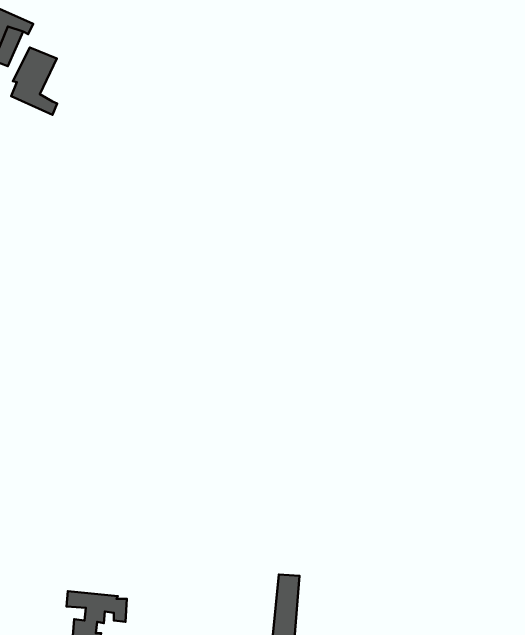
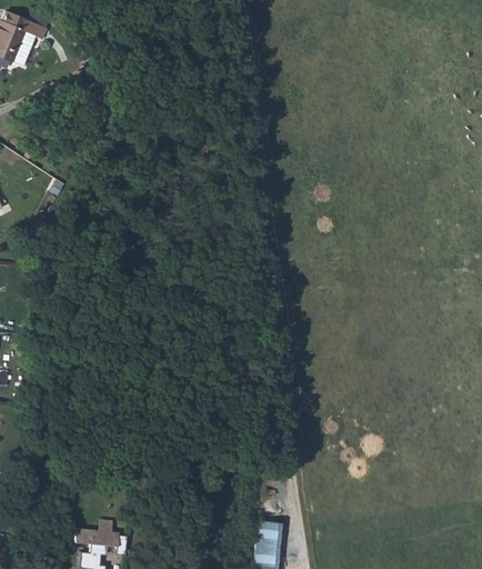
building: [11,47,57,115] -> none

